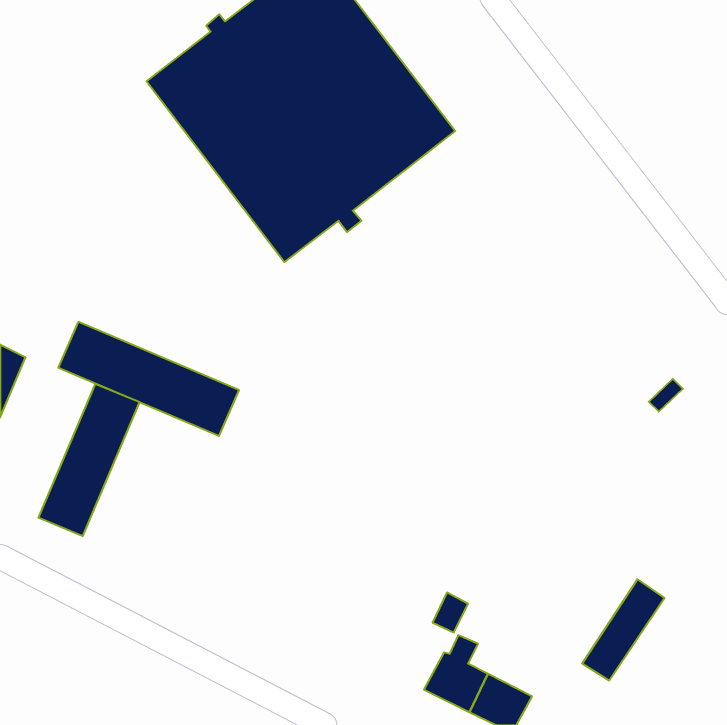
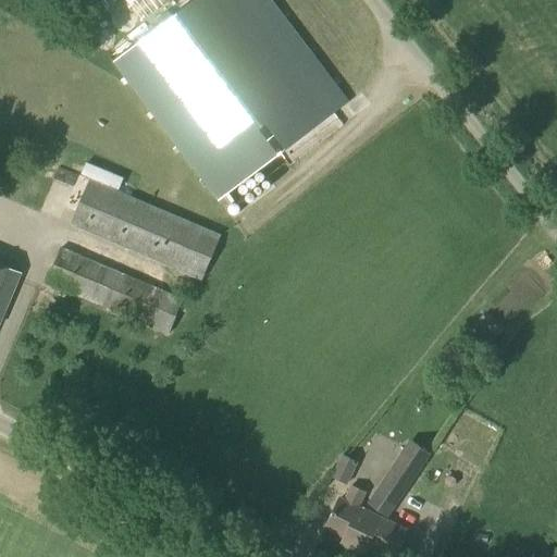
building: none -> [71,180,220,278]
building: [39,384,139,536] -> none
building: [582,579,665,680] -> [368,438,431,516]

